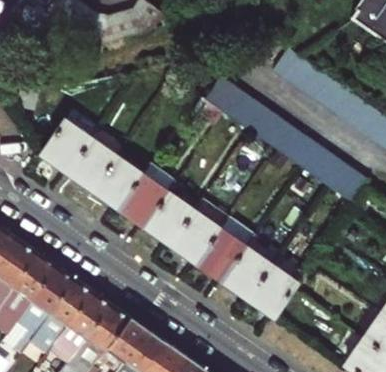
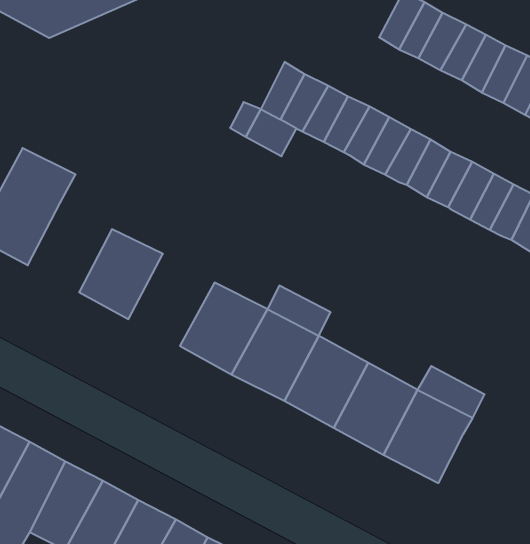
building: [68,138,116,188] -> none
building: [119,161,177,224] -> none

